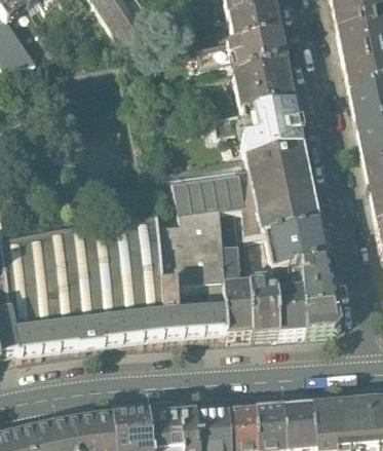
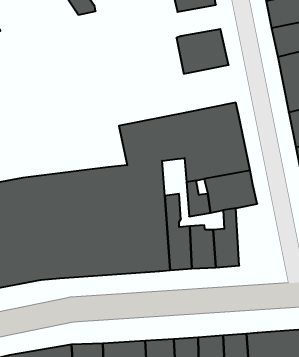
building: [197,27,284,63] -> none
building: [213,96,302,150] -> none
building: [218,203,237,246] -> none
building: [302,255,339,326] -> none

